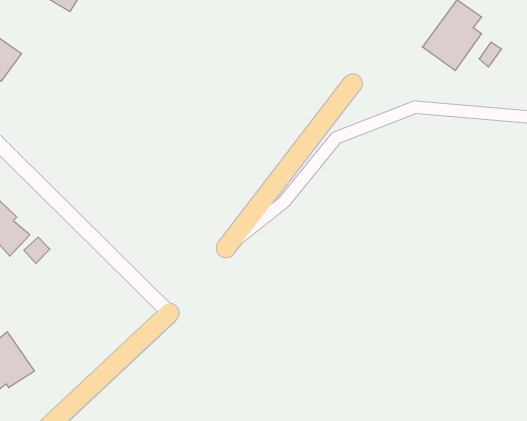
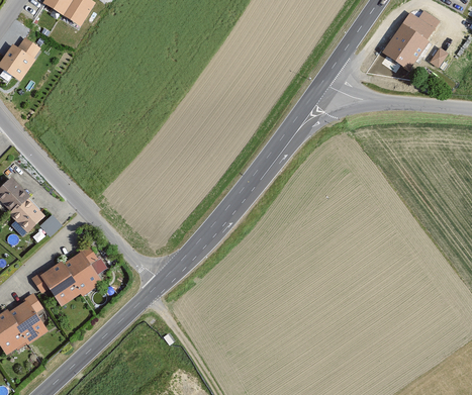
building: none -> [30,249,103,306]

